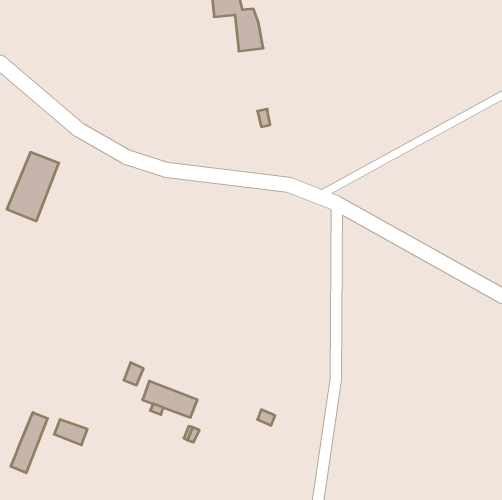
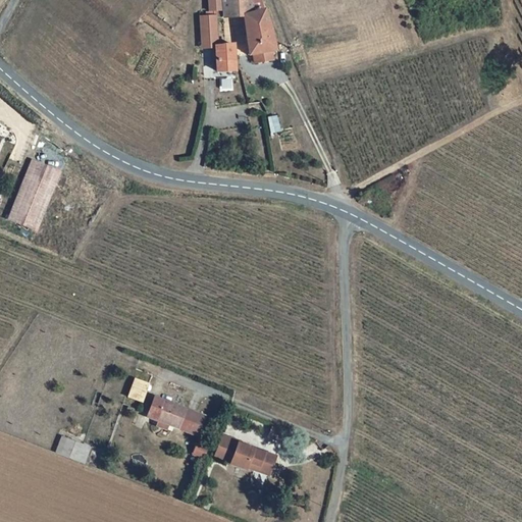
building: none -> [200,12,236,71]
building: [11,412,48,473] -> none
building: none -> [214,432,275,471]

